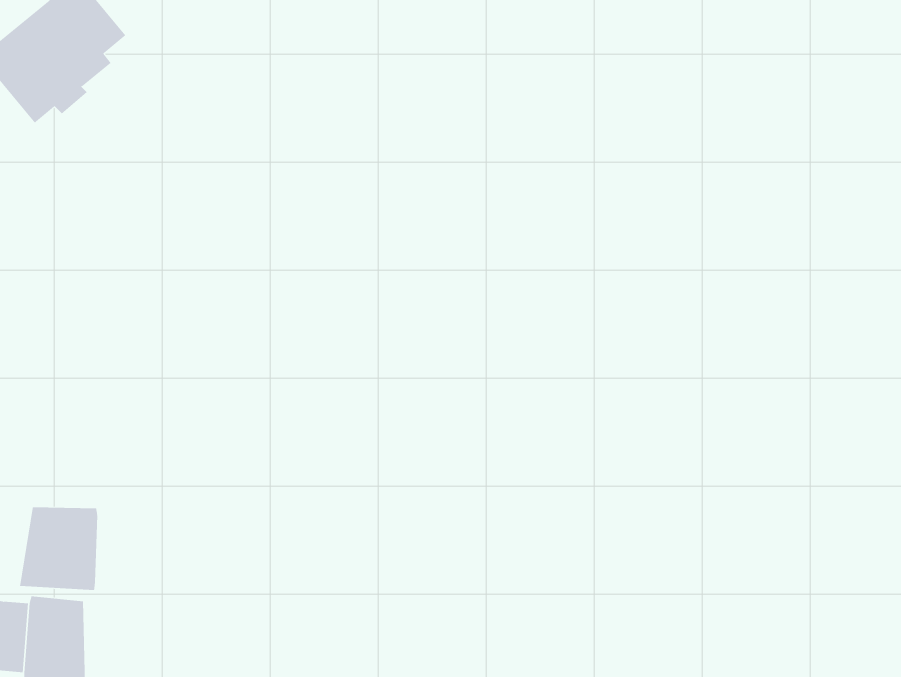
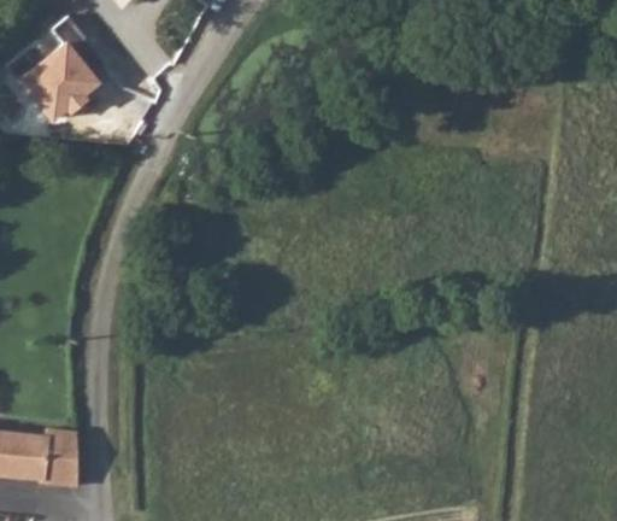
building: [20,506,98,591] -> none

